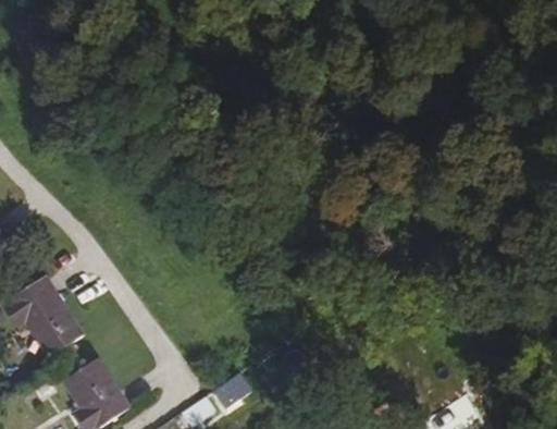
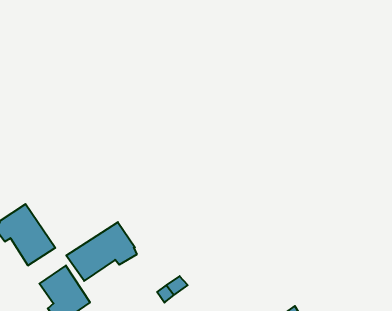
building: none -> [66,222,137,281]

